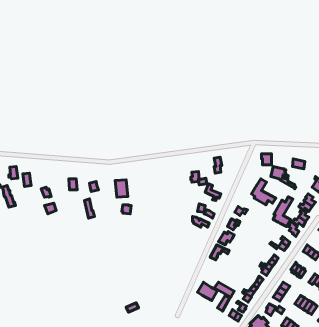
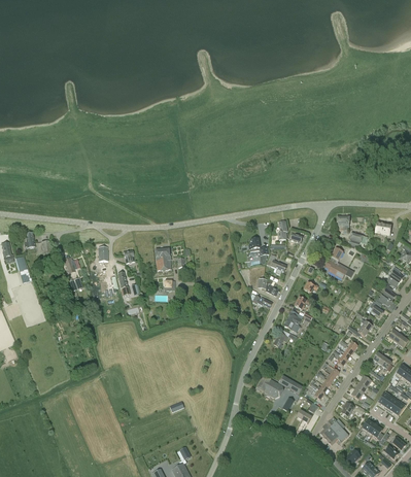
building: [273,197,293,226] -> none

